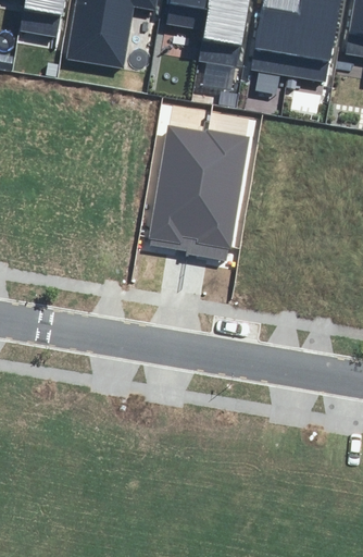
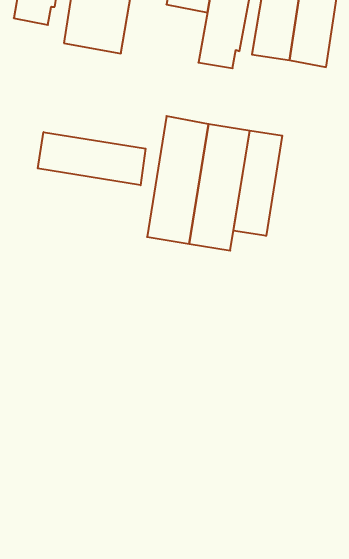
building: none -> [233,131,282,236]
building: none -> [38,132,146,185]

